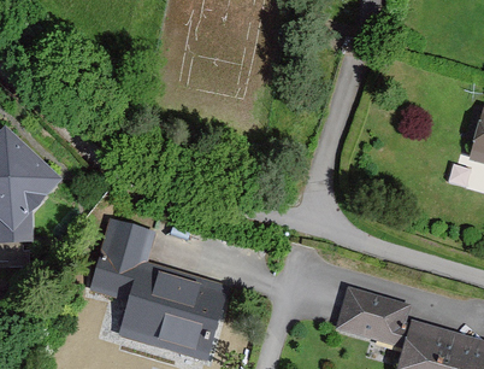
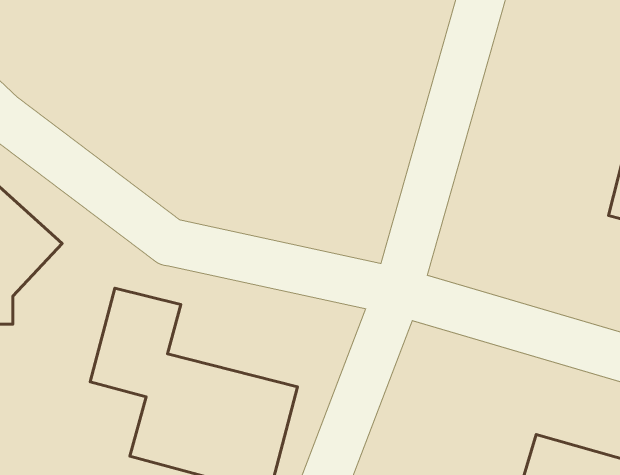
building: [334,287,405,344] -> none

